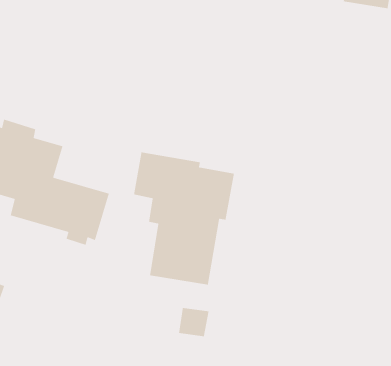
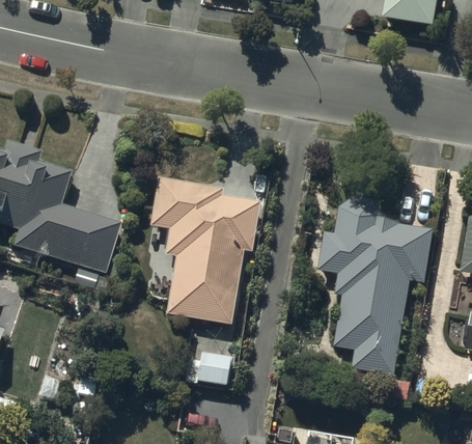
building: none -> [316,197,431,376]

